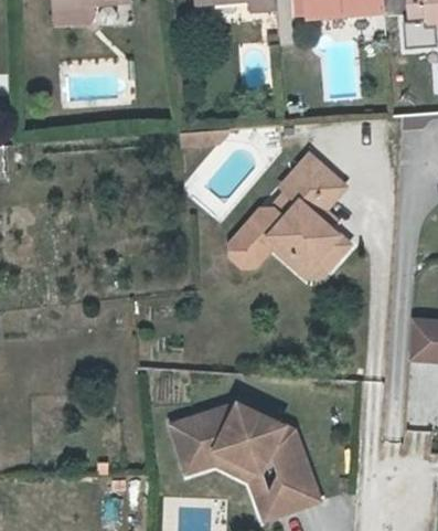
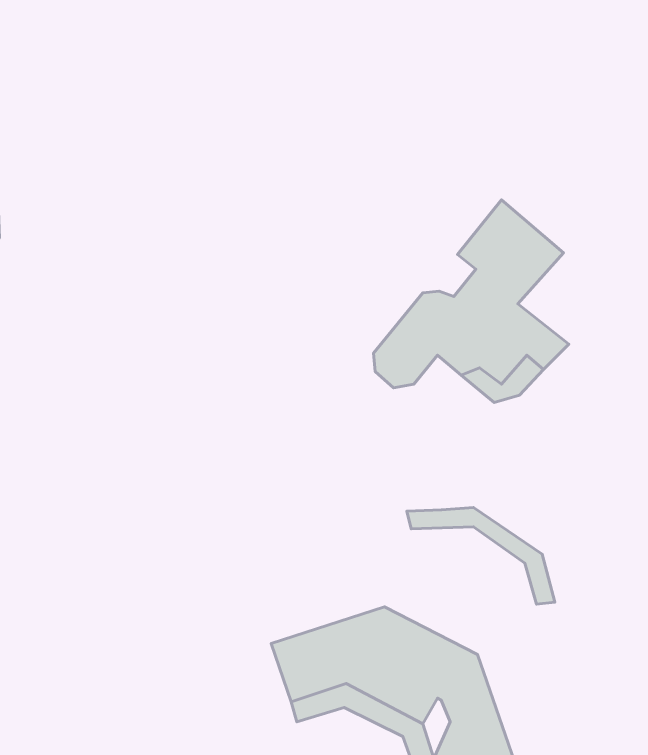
building: none -> [407,508,555,604]

